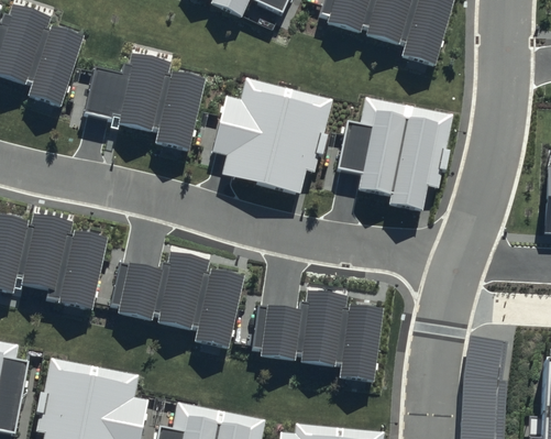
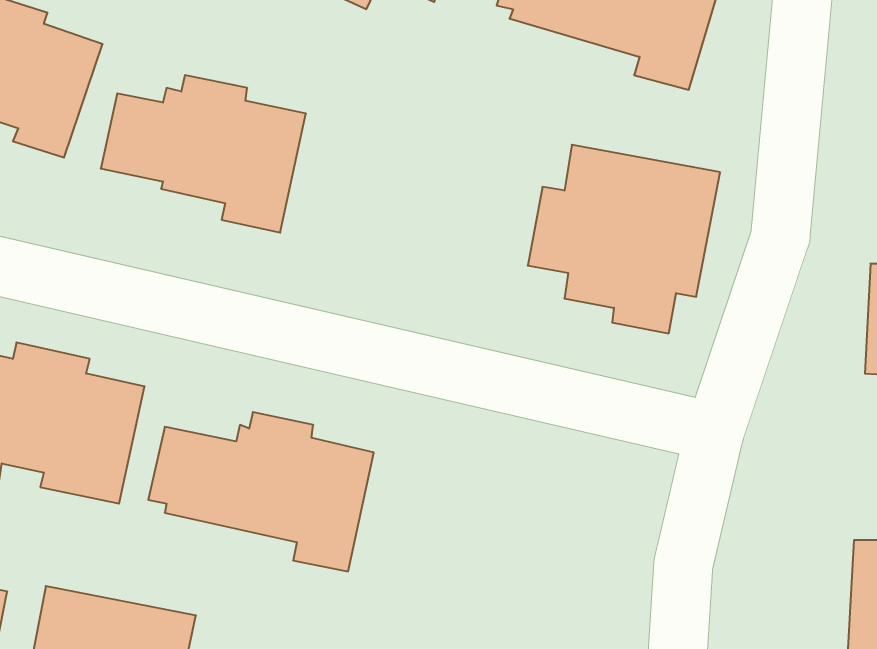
building: [212,75,334,193] -> none
building: [250,294,383,386] -> none

